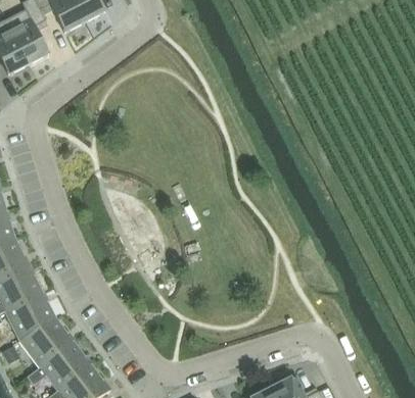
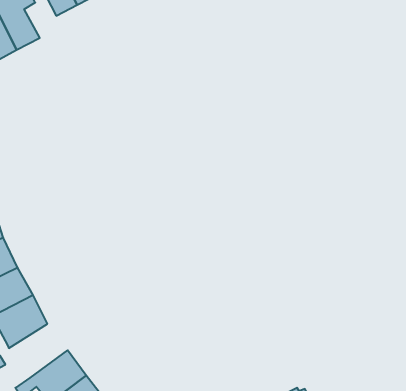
building: [20,317,75,367] -> none

